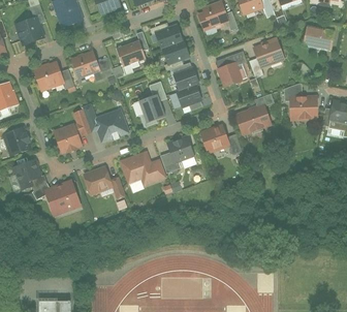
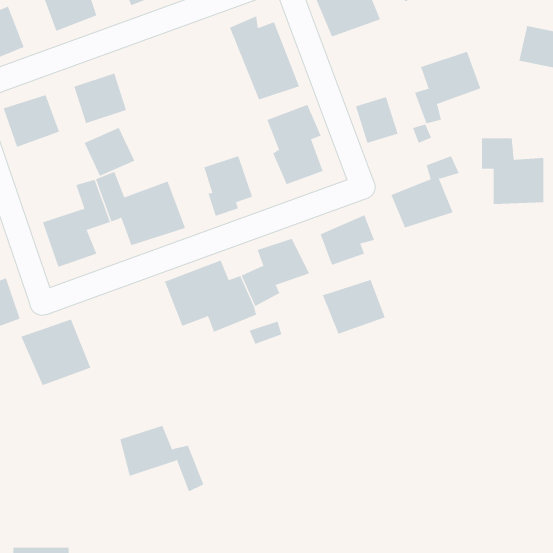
building: [118,39,145,65] -> [84,127,135,176]
building: none -> [322,279,386,334]
building: [82,166,126,201] -> [119,425,204,492]

